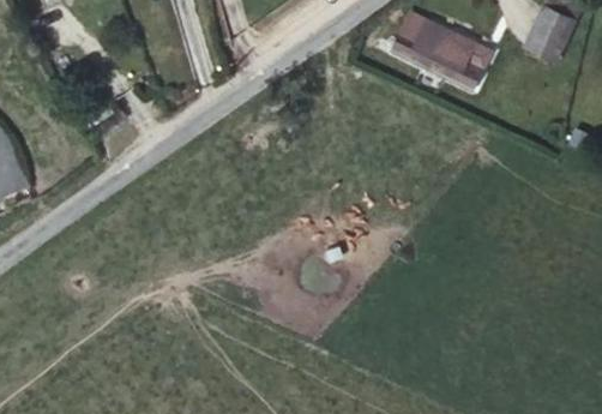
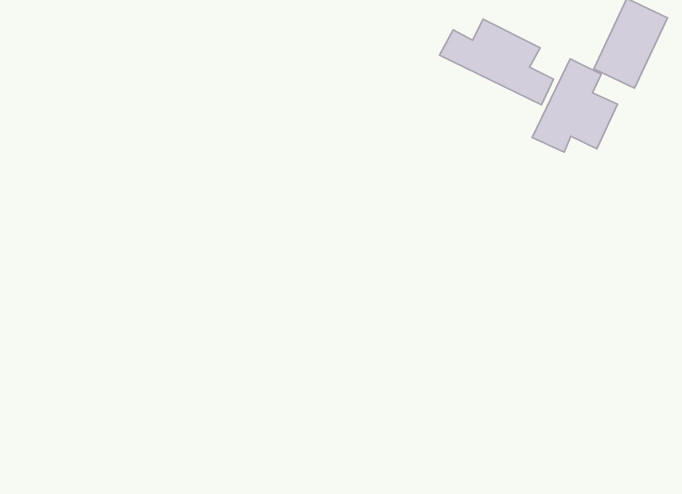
building: none -> [532,59,617,152]

